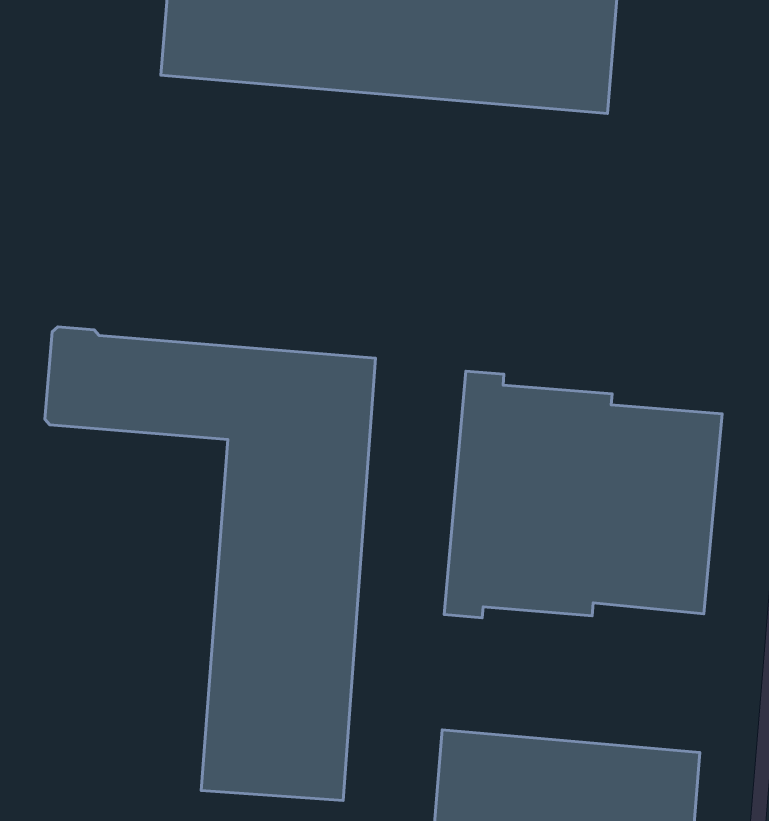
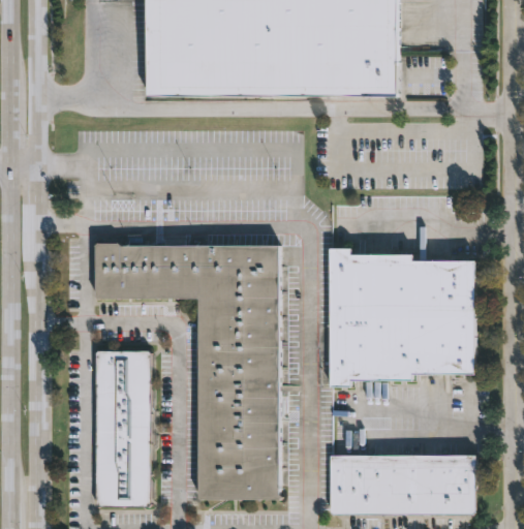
building: none -> [96,348,152,504]

